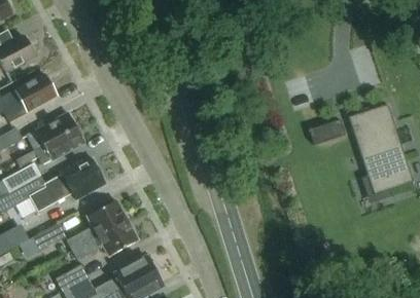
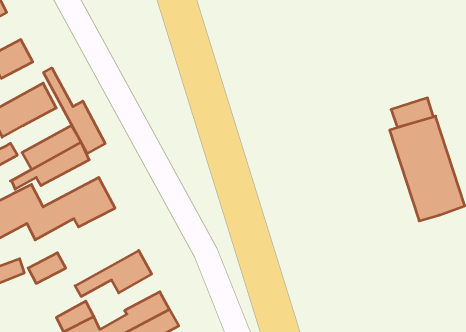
building: none -> [44,68,105,153]
building: [308,118,345,144] -> [391,98,434,127]
building: [66,200,128,252] -> none

